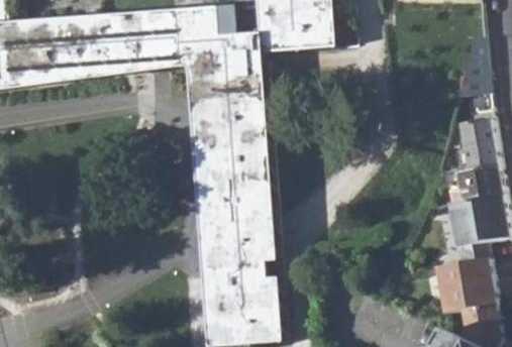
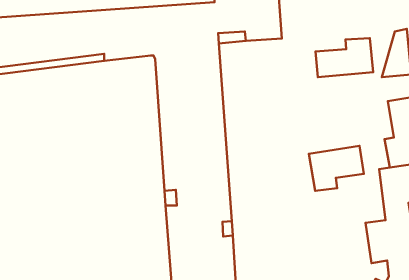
building: none -> [316,38,373,77]
building: none -> [309,146,364,191]

